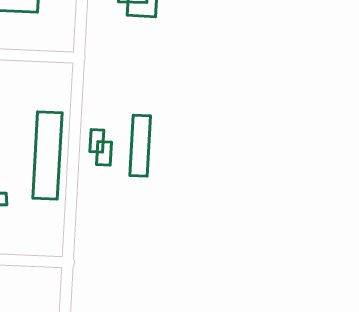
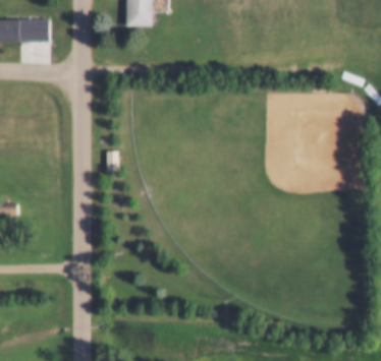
building: [33,112,62,199] -> none
building: [130,115,151,176] -> none

